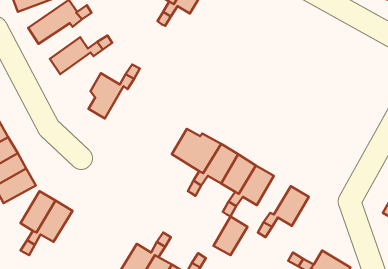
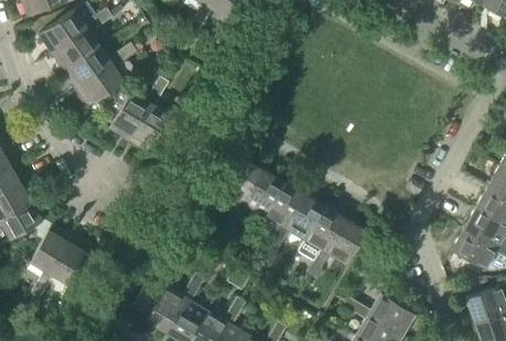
building: none -> [51,30,99,72]
building: none -> [76,64,123,107]
building: none -> [128,103,177,152]
building: [213,217,247,255] -> [305,208,345,253]

